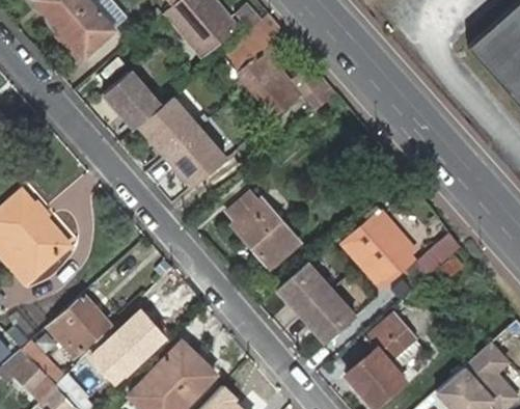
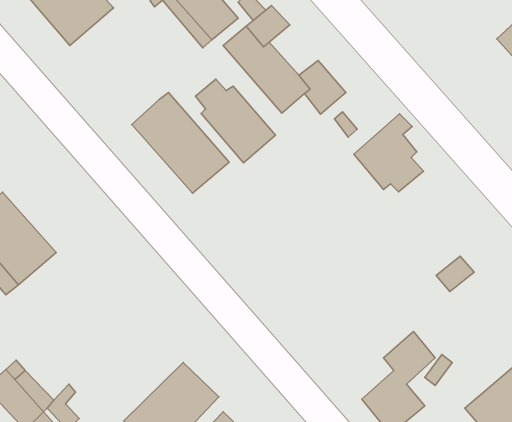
building: [104,71,163,131] -> none
building: [225,196,298,272] -> [195,79,275,163]
building: [344,211,407,281] -> [354,114,424,192]
building: [278,264,356,344] -> none
building: [50,292,110,353] -> none
building: [90,310,167,386] -> none

